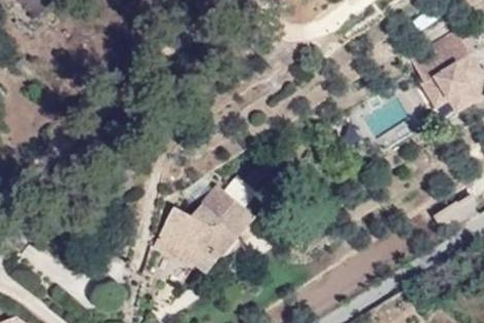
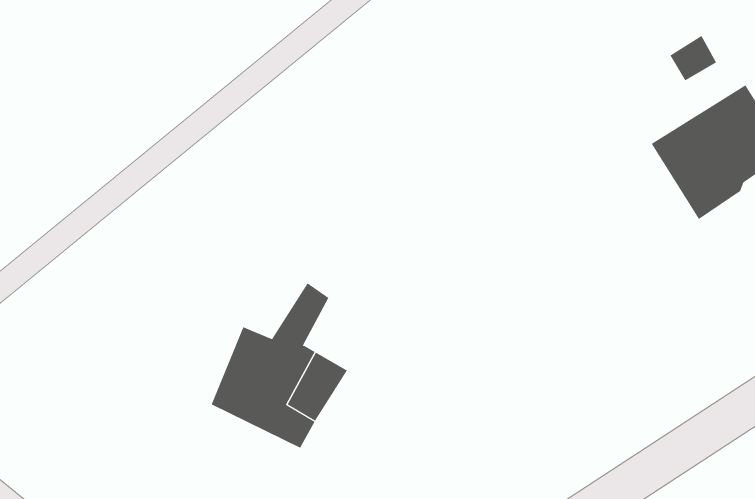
building: [208,184,253,228] -> none

